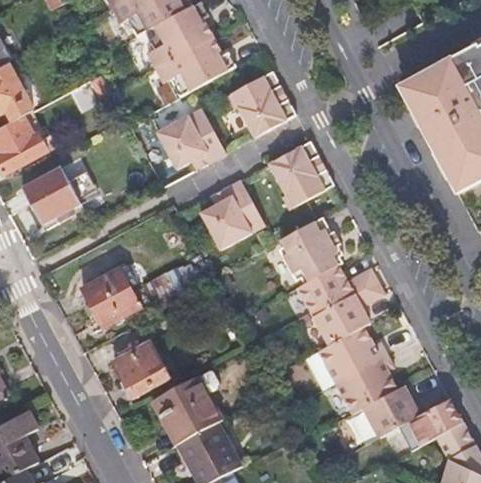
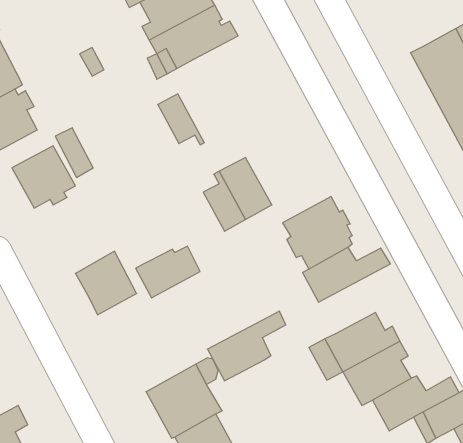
building: [227,71,296,138] -> none
building: [178,106,229,166] -> none
building: [270,142,335,210] -> none
building: [311,281,385,347] -> [207,311,286,381]
building: [111,342,166,397] -> none

